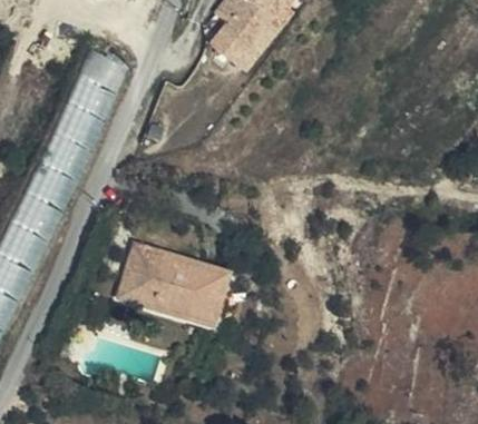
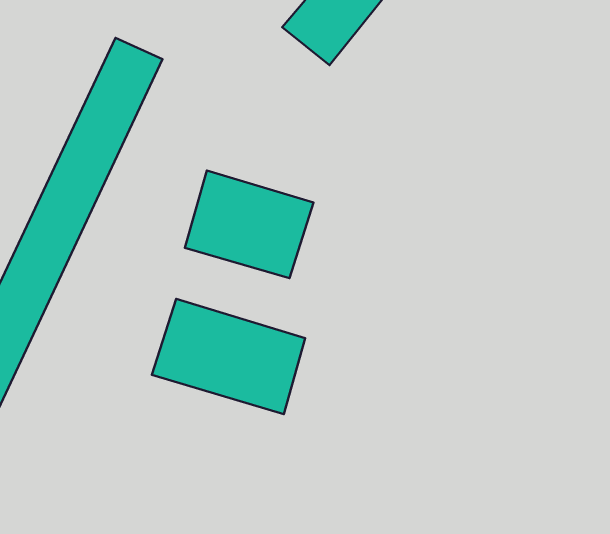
building: none -> [185,171,313,278]

